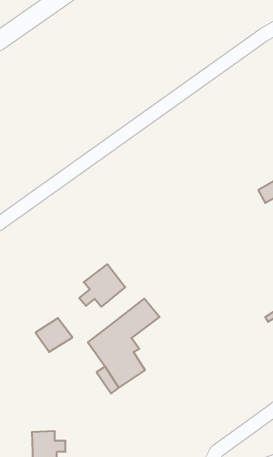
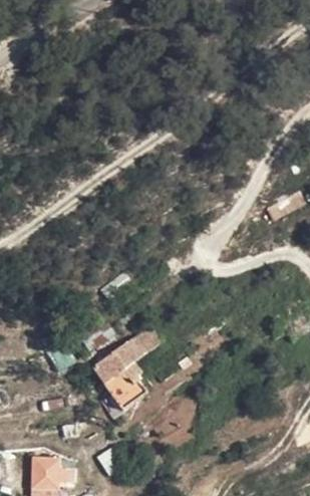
building: [79,264,125,307] -> none

